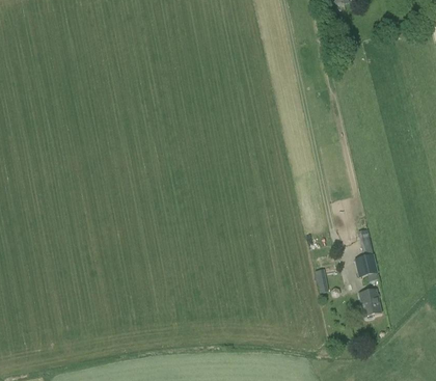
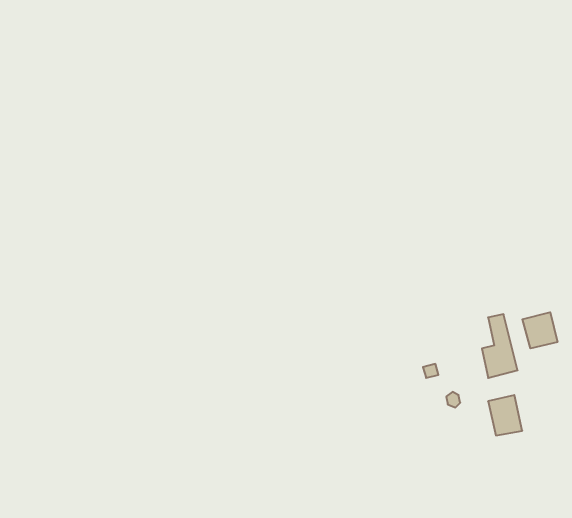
building: none -> [522,312,557,348]

